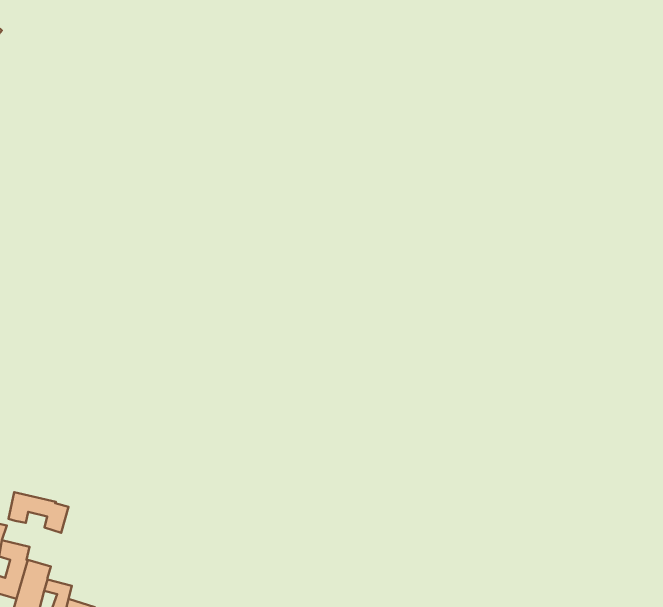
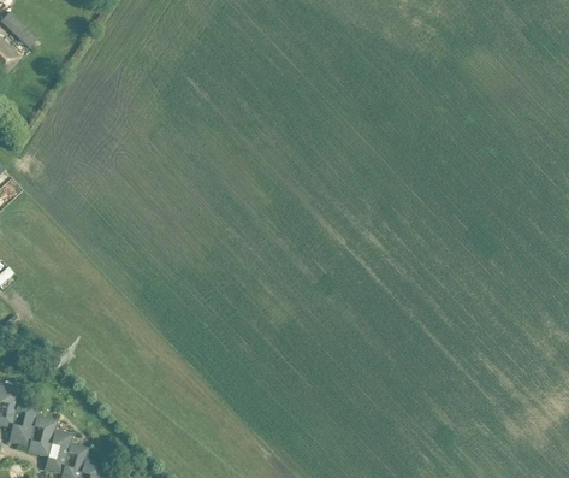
building: [8,492,69,533] -> none

